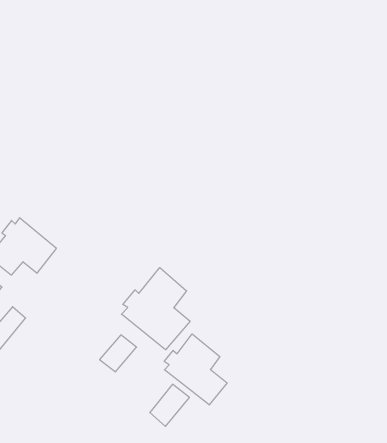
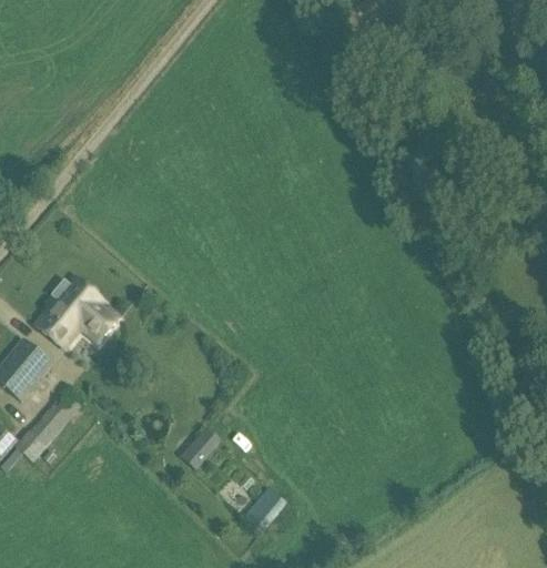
building: [121,268,190,350] -> none
building: [164,334,227,405] -> none

